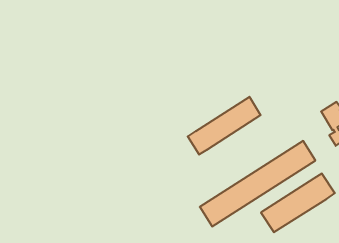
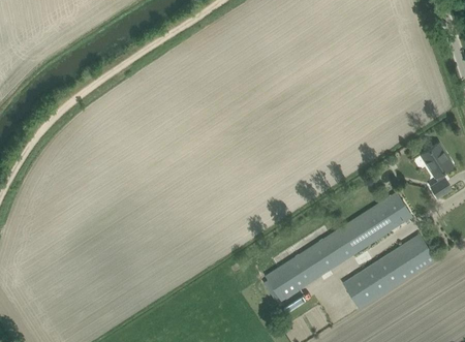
building: [188,97,261,155] -> none

